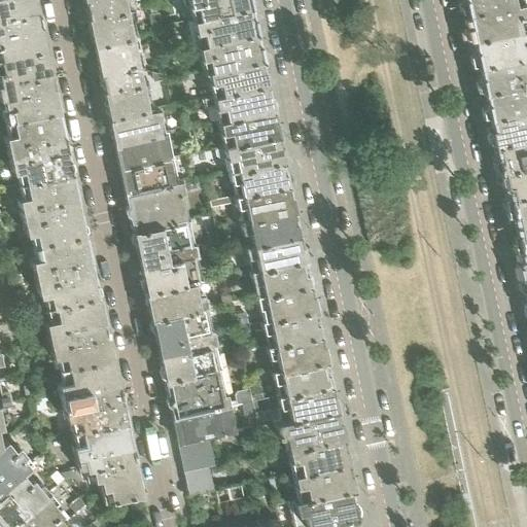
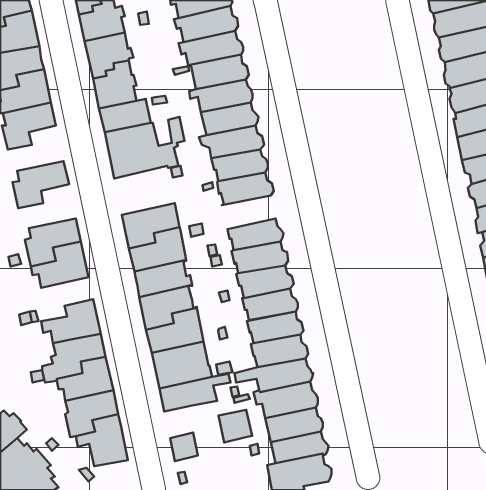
building: [13,135,73,183] -> none
building: [128,178,192,231] -> none
building: [25,198,86,245] -> none
building: [243,210,304,246] -> none
building: [44,297,105,345] -> none
building: [181,435,217,470] -> [218,410,252,442]

